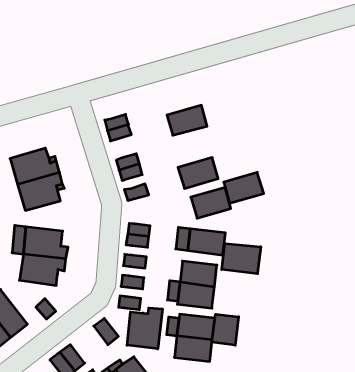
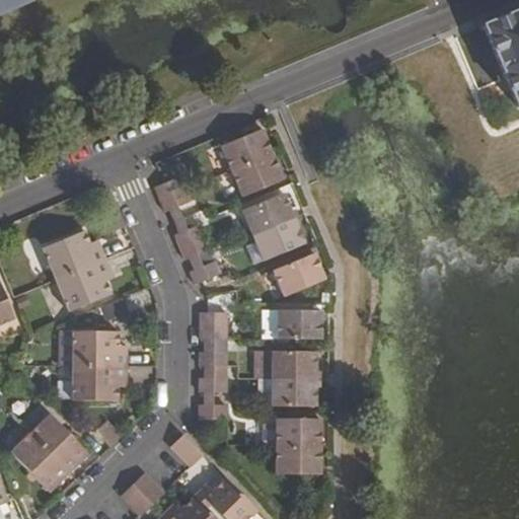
building: none -> [221,129,273,171]
building: [224,172,264,203] -> [242,193,294,235]
building: [222,244,261,274] -> none
building: [127,308,162,349] -> none
building: [212,314,239,345] -> none

